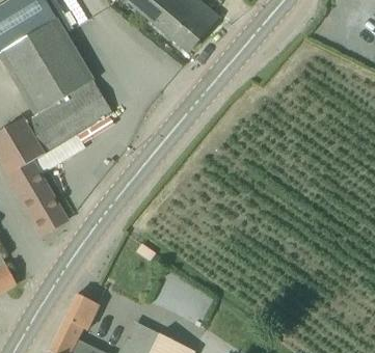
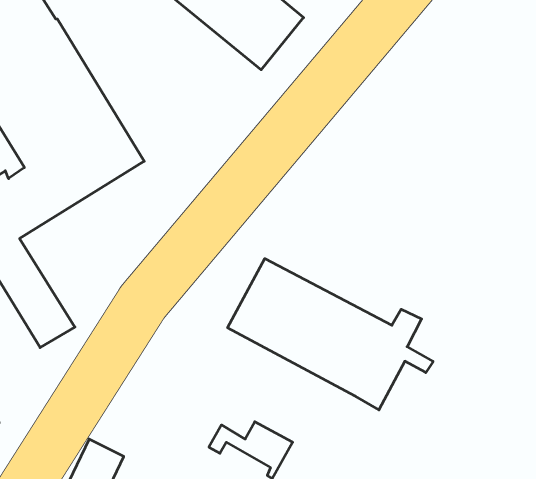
building: none -> [228,259,433,410]

